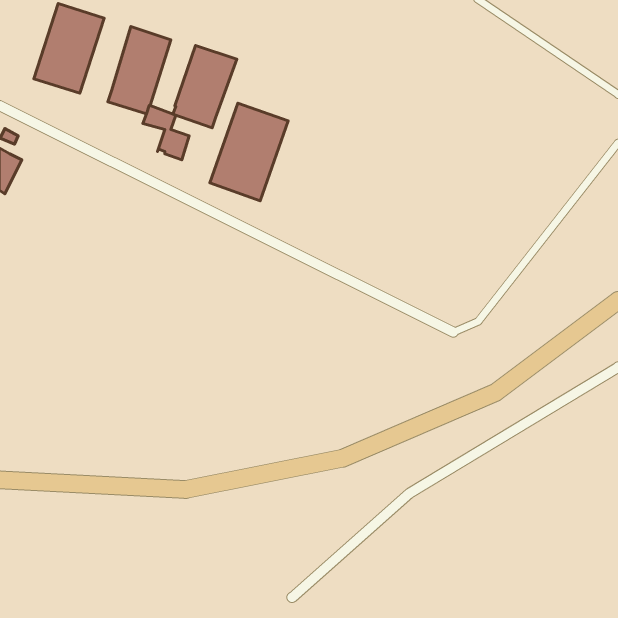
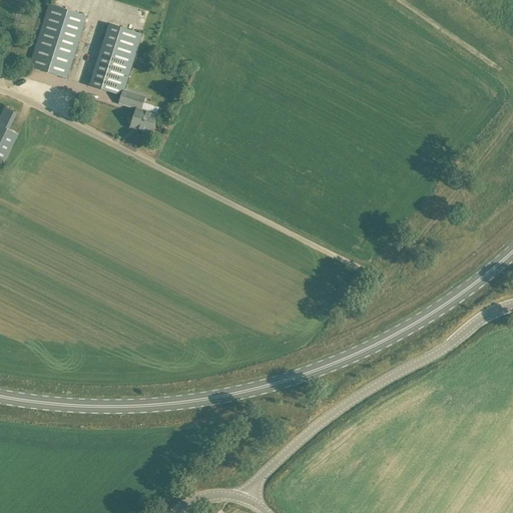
building: [173,46,237,128] -> none
building: [210,103,288,201] -> none

